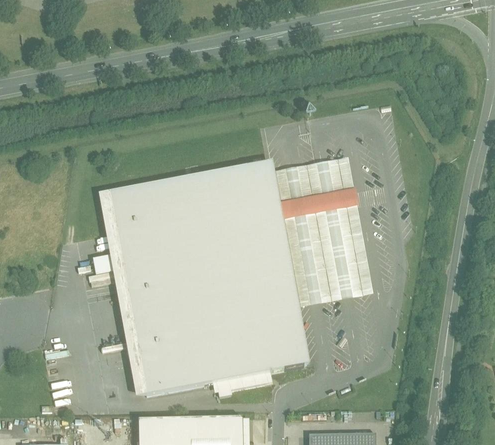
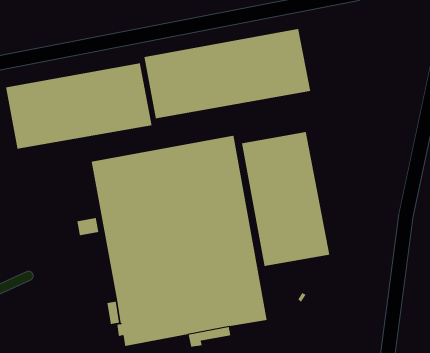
building: none -> [144,28,311,119]
building: none -> [6,62,152,150]

